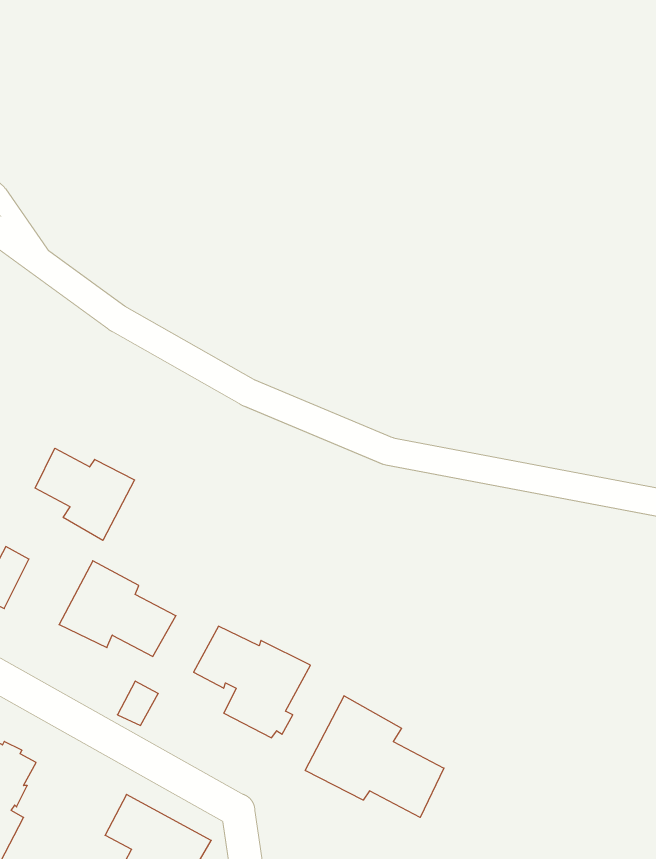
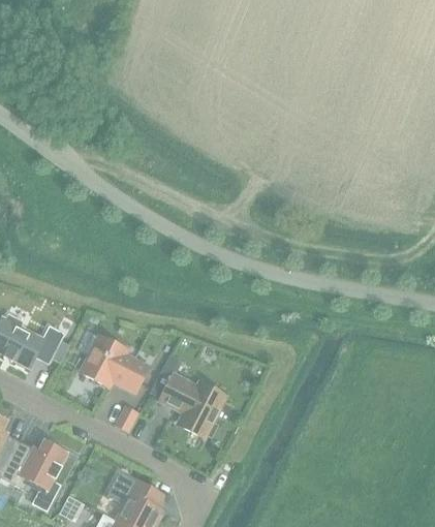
building: [35,448,135,540] -> none
building: [305,696,444,817] -> none

